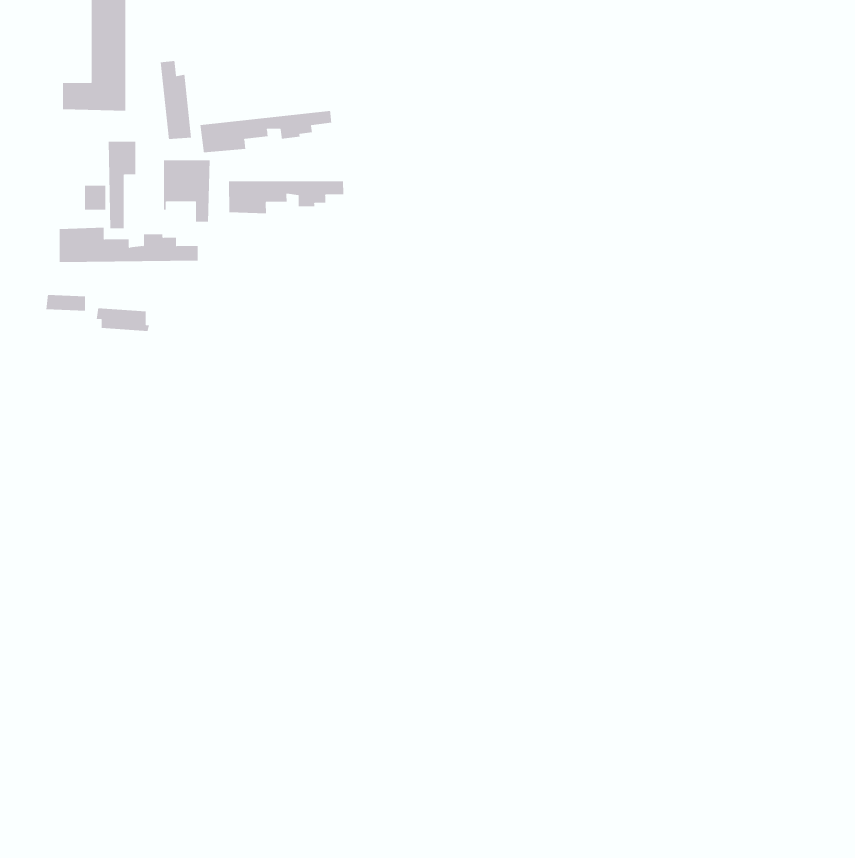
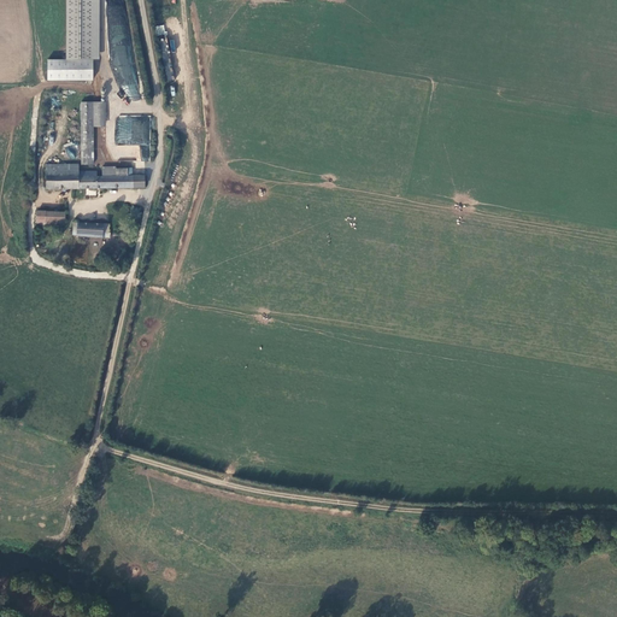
building: [200,110,332,153] -> none
building: [229,180,344,214] -> none

